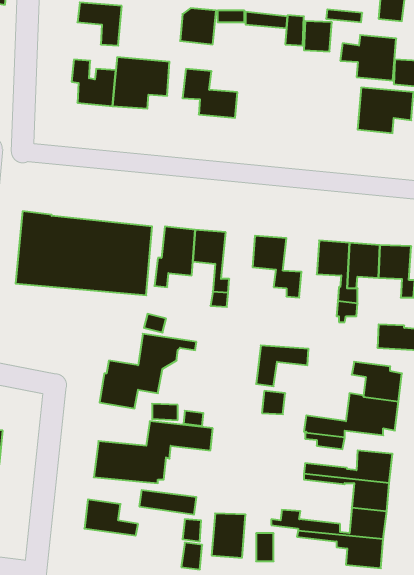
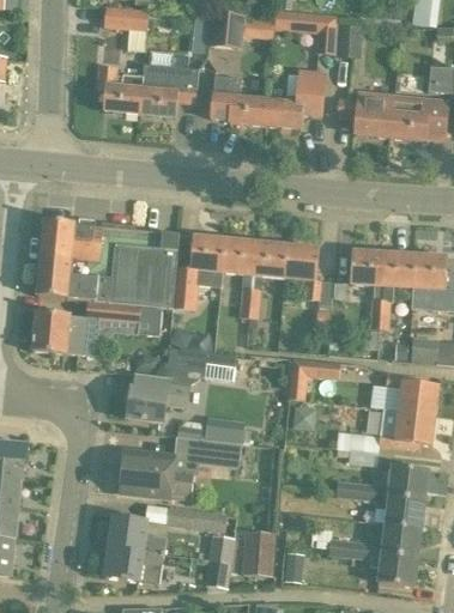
building: [340,35,396,81] -> [337,90,394,136]
building: none -> [265,72,326,128]
building: none -> [250,242,285,290]
building: none -> [34,299,161,356]
building: none -> [105,546,163,584]

